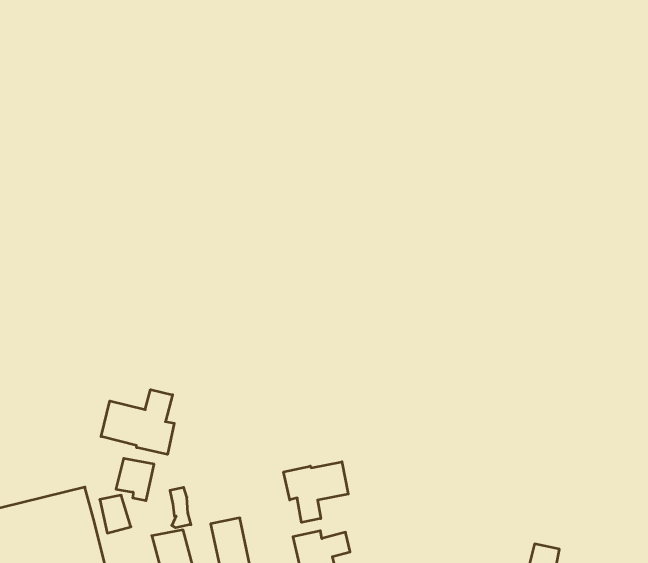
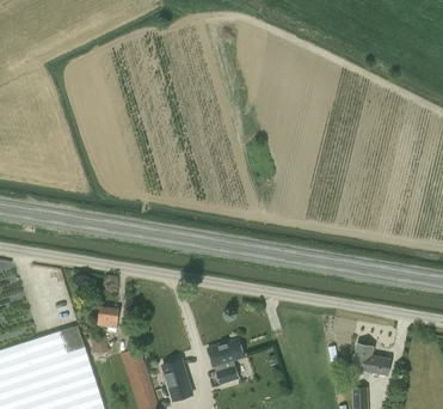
building: [101,390,174,454] -> none
building: [284,462,348,522] -> none

